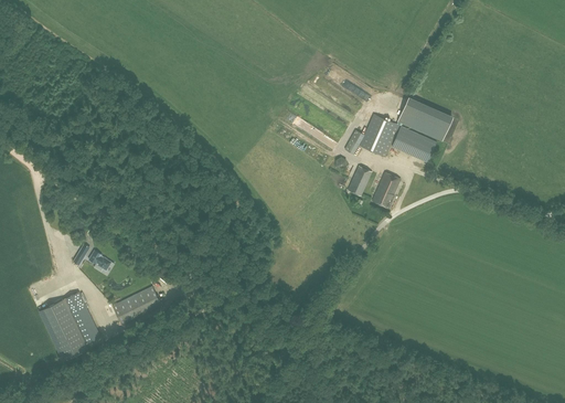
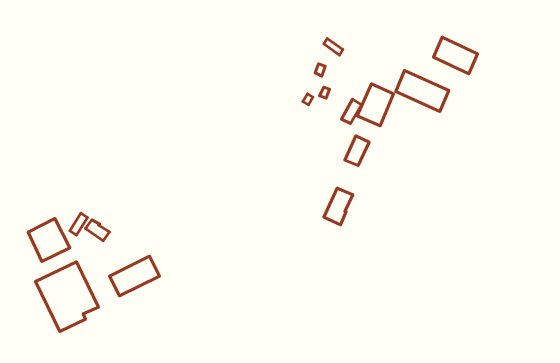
building: [393,125,437,161] -> [433,37,478,74]
building: [372,171,401,208] -> [324,188,353,225]
building: none -> [28,219,70,261]

